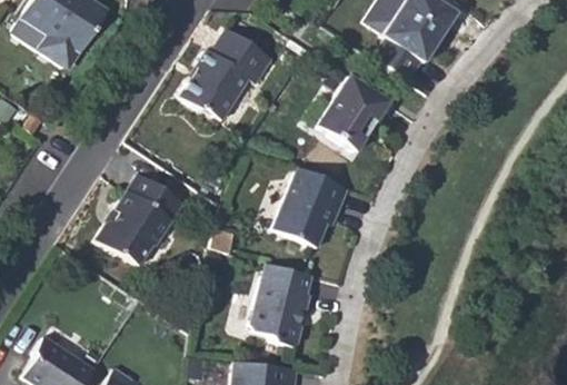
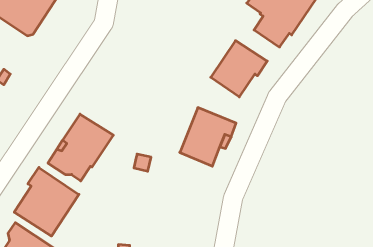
building: [179,26,272,118] -> none
building: none -> [14,167,79,236]
building: [250,260,314,344] -> none

